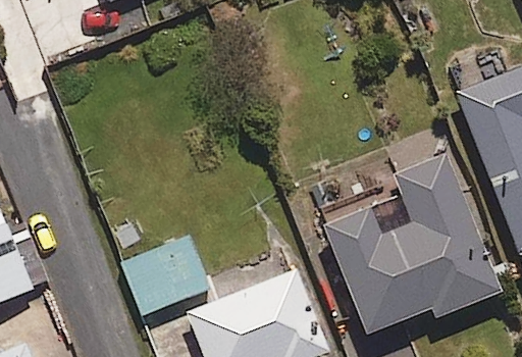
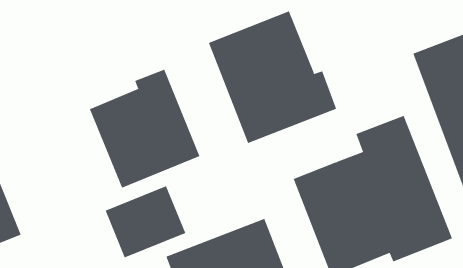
building: none -> [208,11,337,144]
building: none -> [89,69,200,189]

